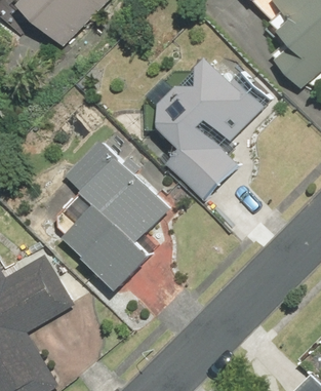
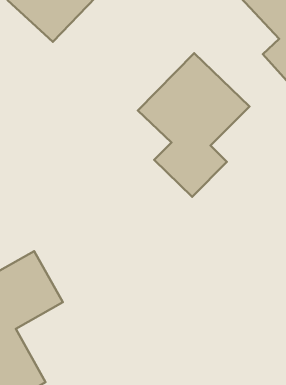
building: [62,140,167,288] -> none

